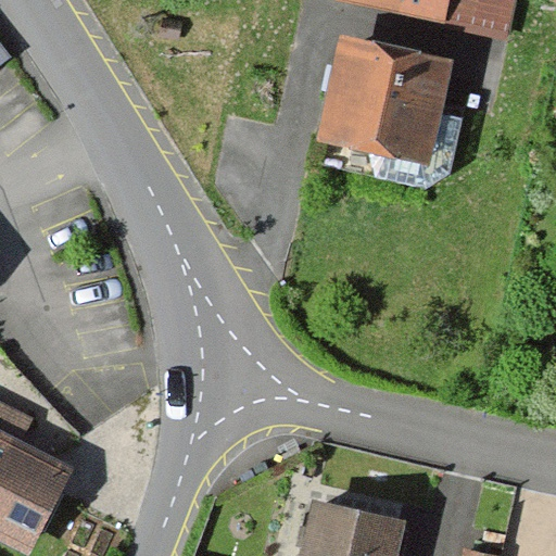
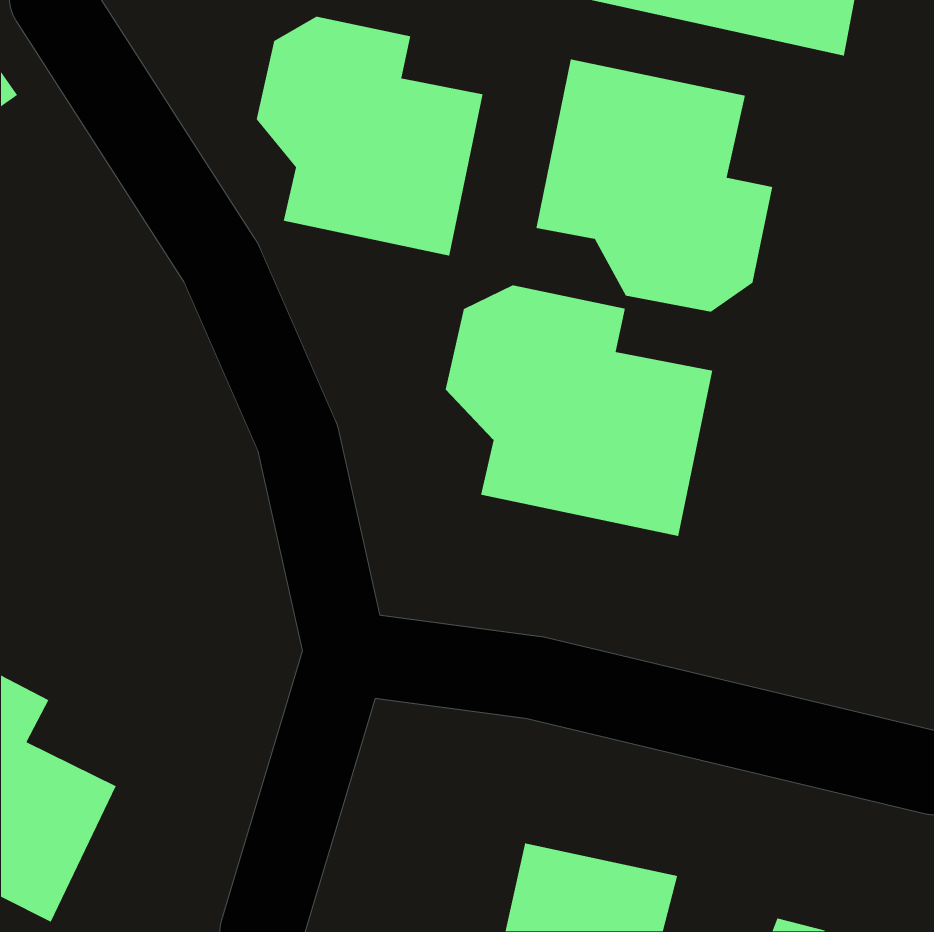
building: none -> [256,16,483,256]
building: none -> [445,285,713,537]

